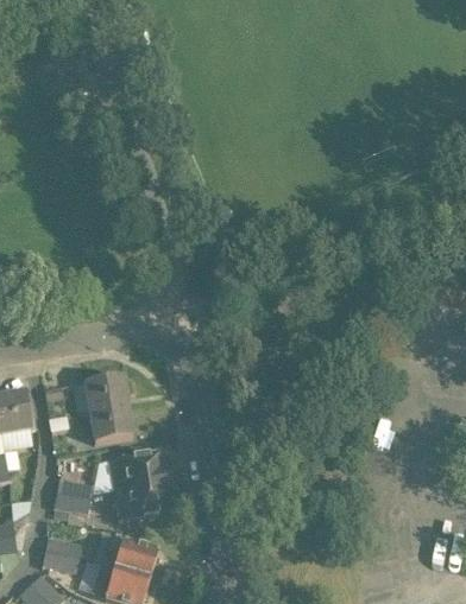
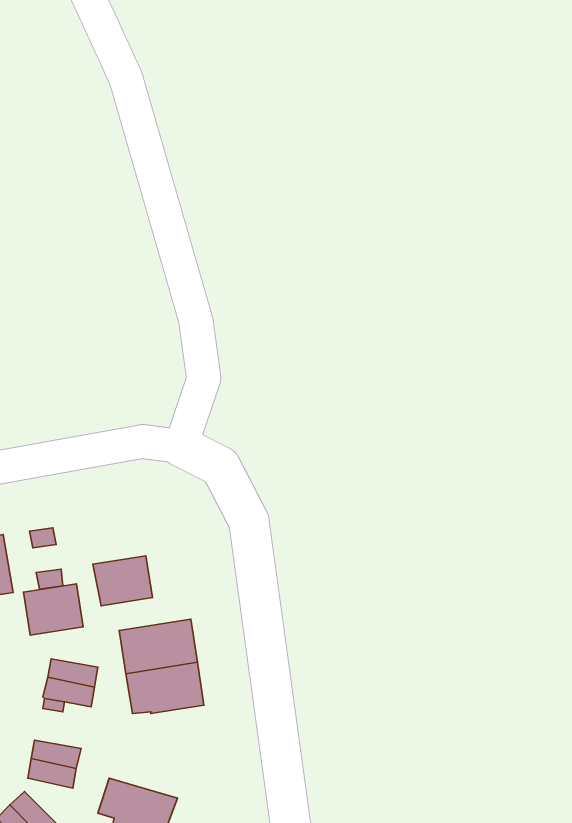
building: [84,375,127,412] -> [23,584,83,635]
building: [101,534,158,579] -> none

